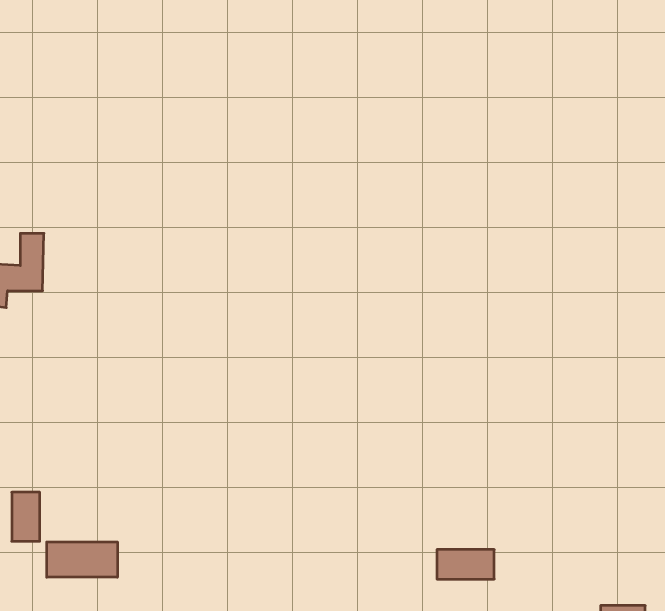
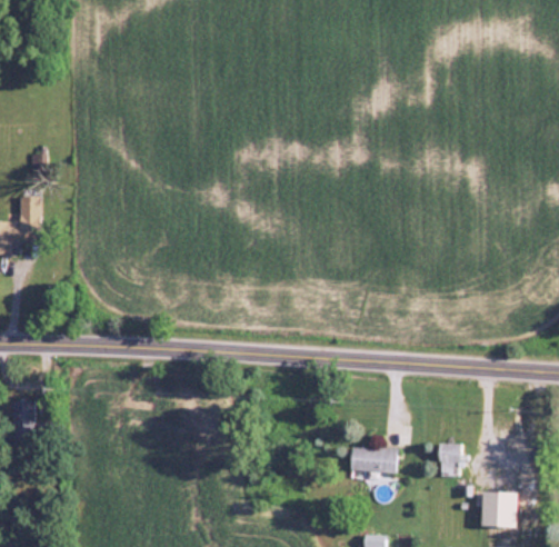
building: [47,542,117,577] -> none
building: none -> [440,445,461,477]

